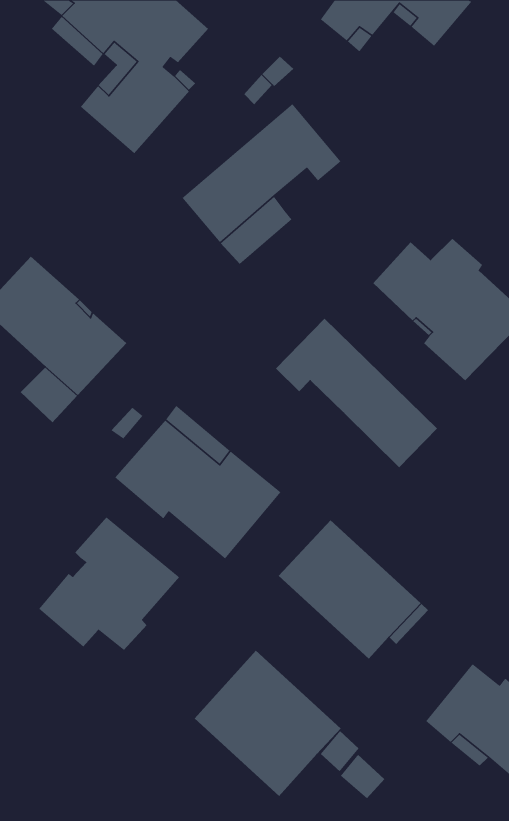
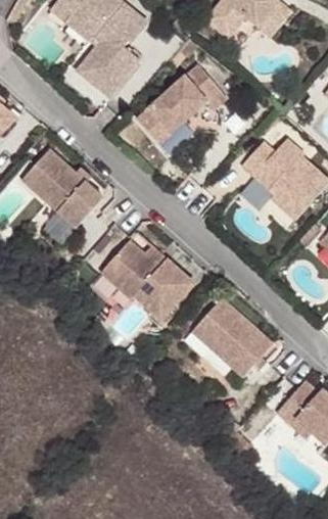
building: [275,318,438,468] -> none
building: [38,516,180,651] -> none
building: [194,650,341,797] -> none

